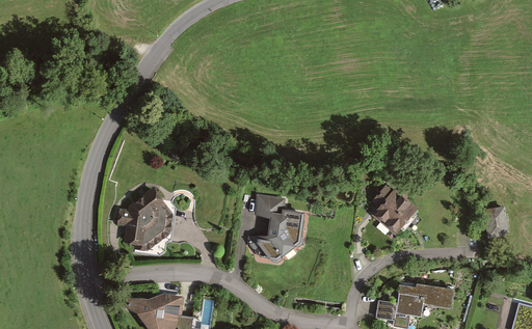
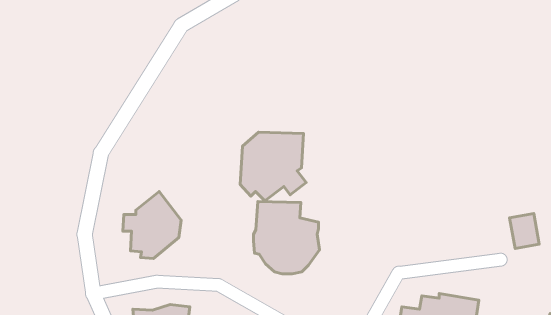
building: none -> [240,132,306,201]
building: [361,176,418,232] -> none

